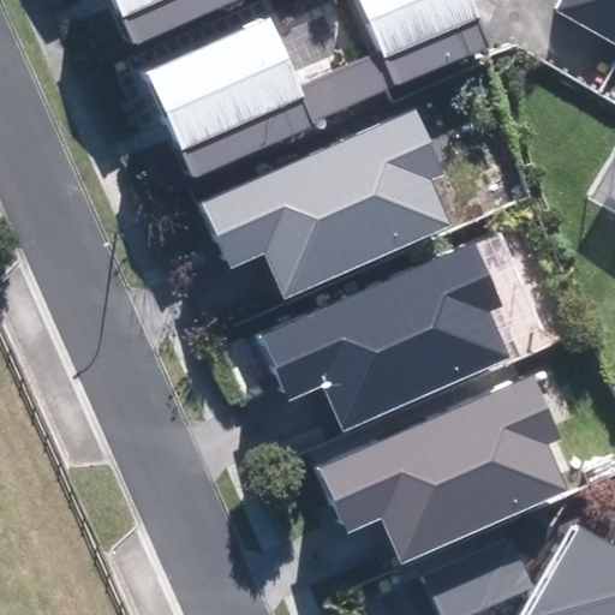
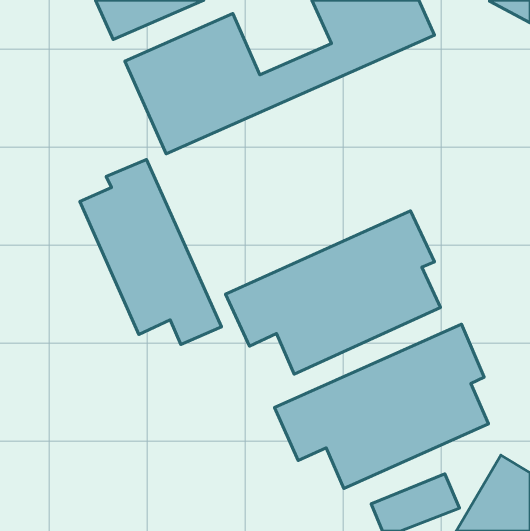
building: [203,112,452,300] -> none
building: none -> [80,160,222,344]

